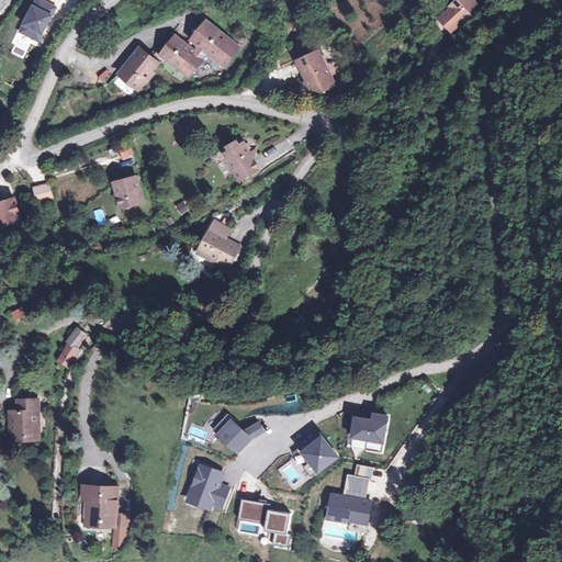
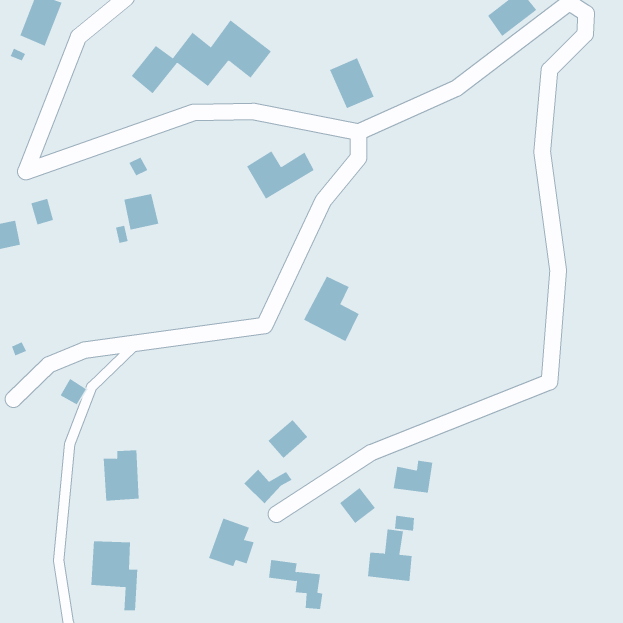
building: [192,215,243,274] -> [303,276,359,342]
building: none -> [268,419,308,459]
building: [4,397,37,443] -> [103,450,140,501]

